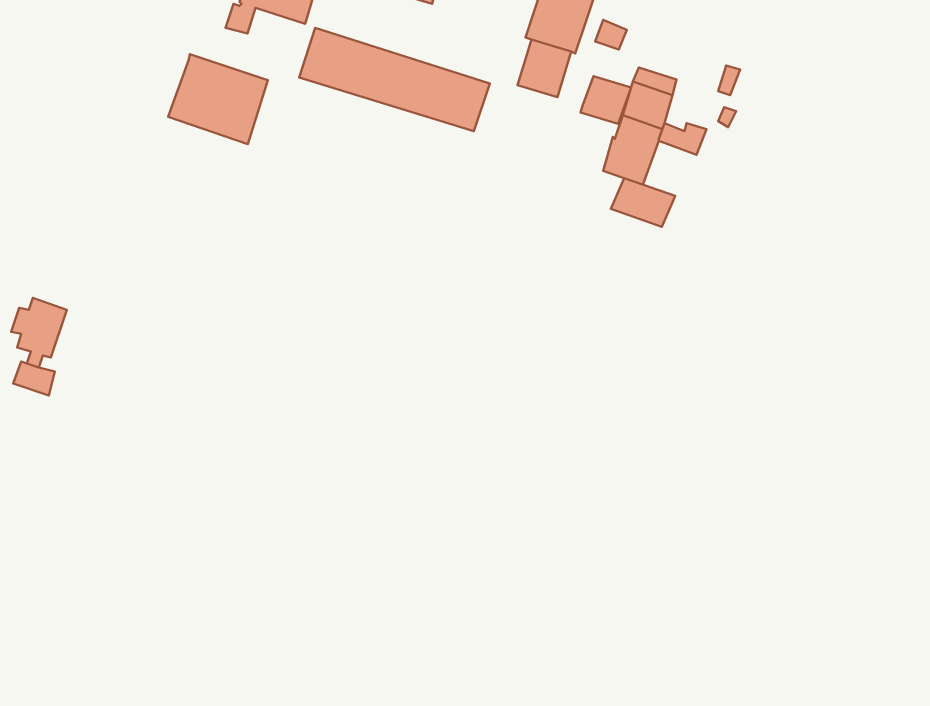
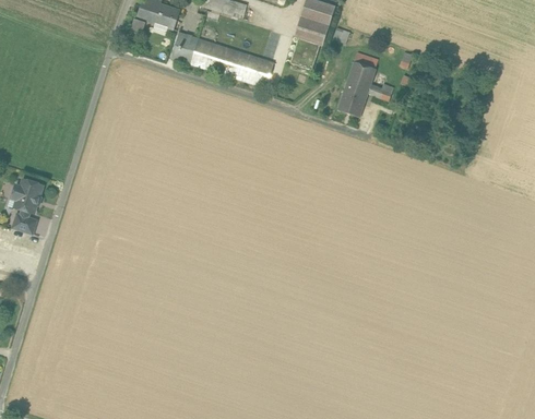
building: [168,54,268,144] -> none
building: [581,76,631,124] -> none
building: [611,178,675,227] -> none

